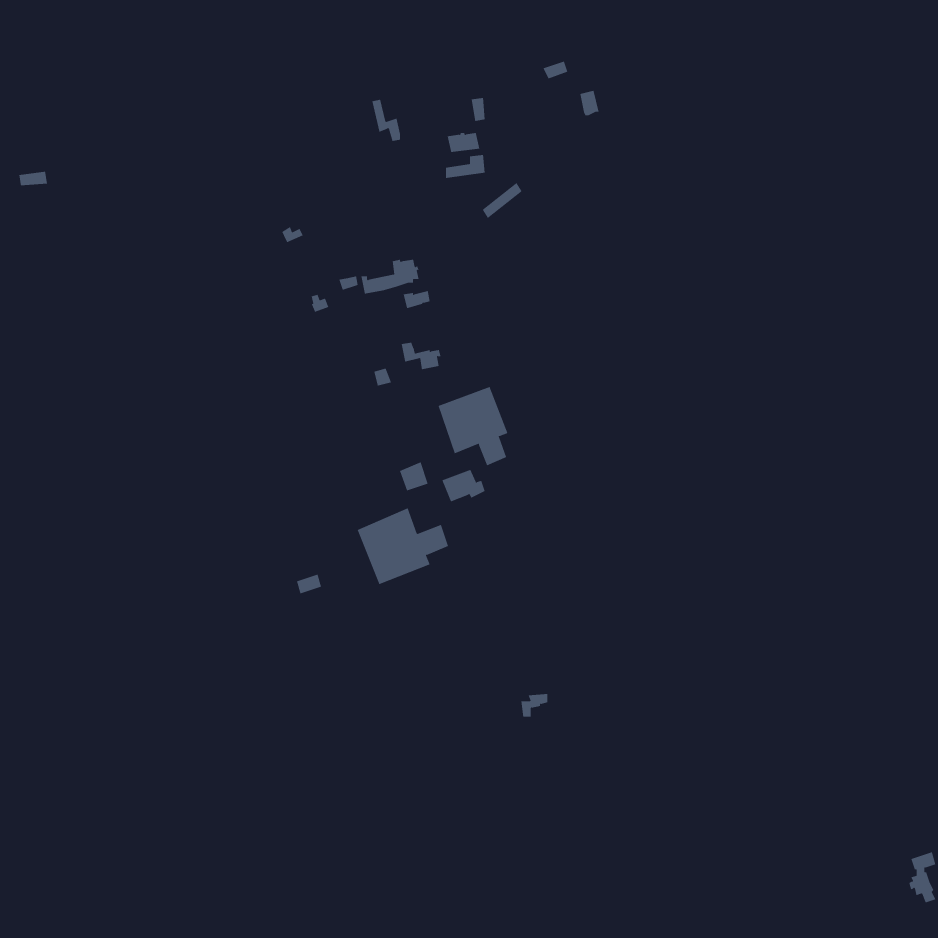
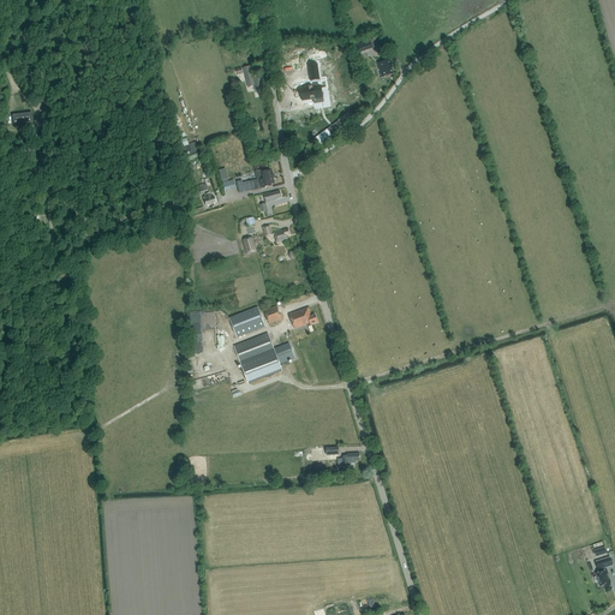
building: [438,386,508,466] -> none
building: none -> [229,305,264,335]

